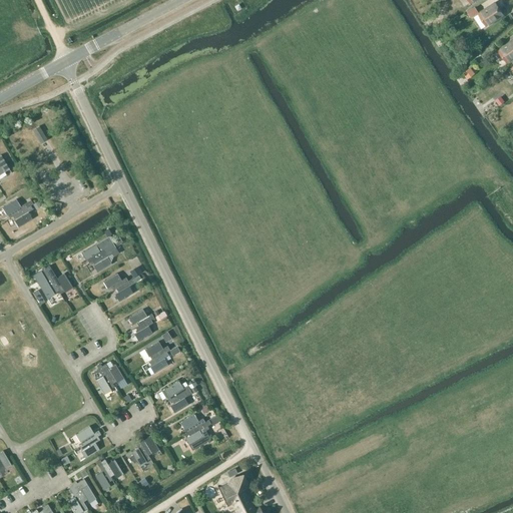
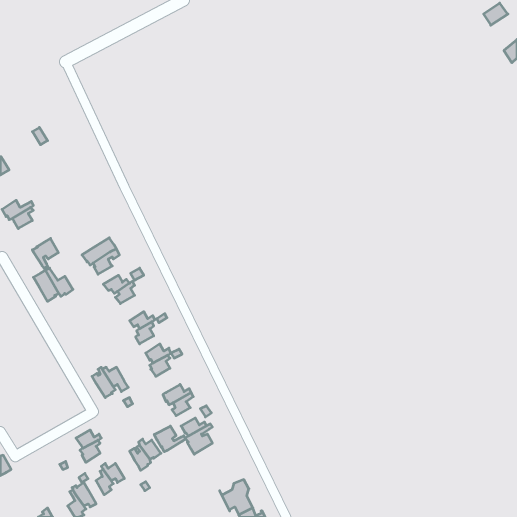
building: none -> [32,238,58,268]
building: none -> [154,426,186,452]

